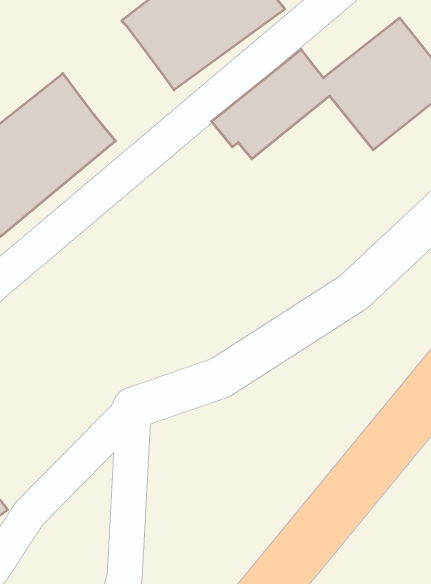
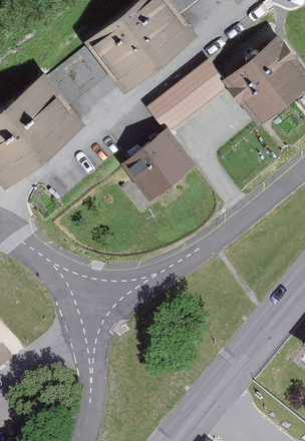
building: none -> [48,44,111,104]
building: none -> [123,127,197,197]

